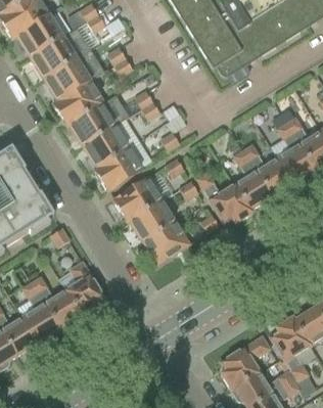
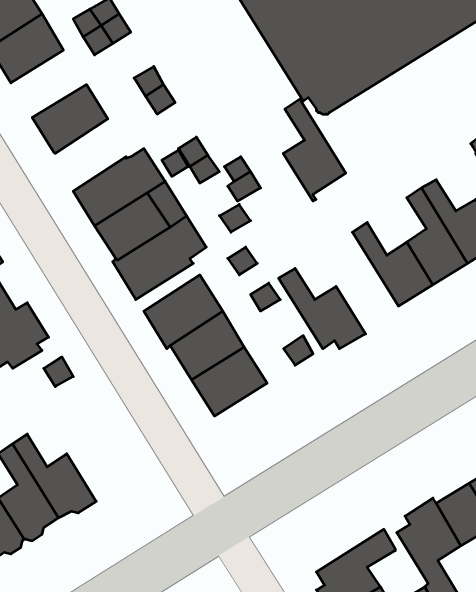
building: [31,29,87,78] -> none
building: [53,79,105,126] -> none
building: [233,149,272,213] -> [283,99,346,201]
building: [65,261,105,317] -> none

